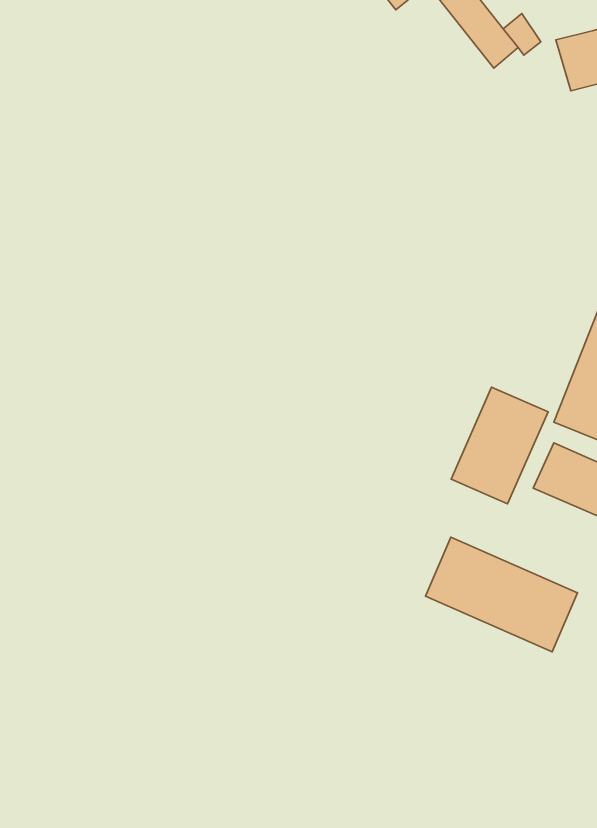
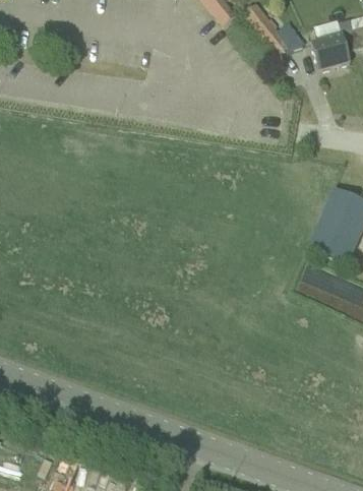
building: [451,387,548,504] -> none
building: [425,537,577,652] -> none

